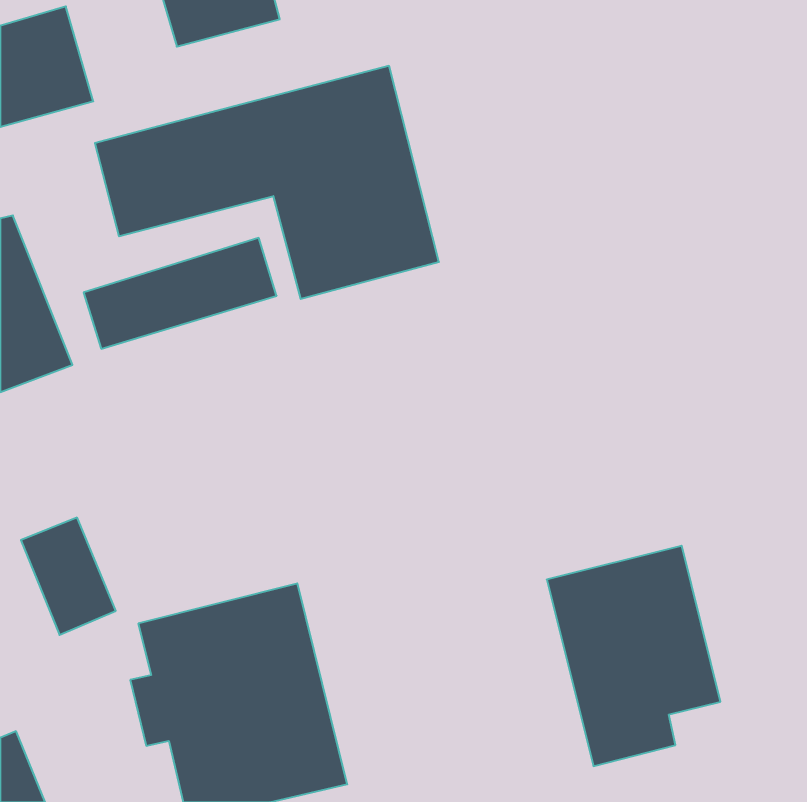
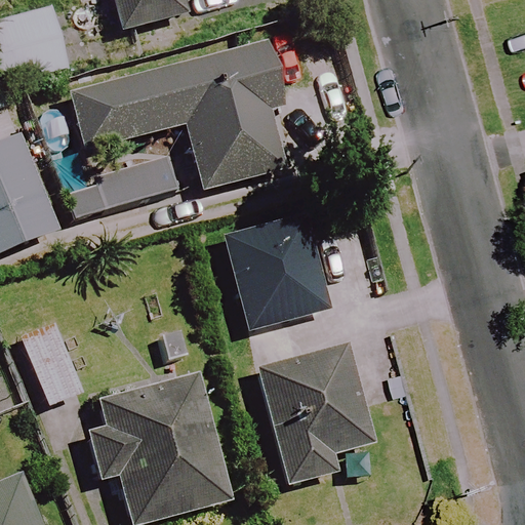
building: none -> [235,212,341,324]
building: [547,546,720,766] -> [257,345,368,485]

